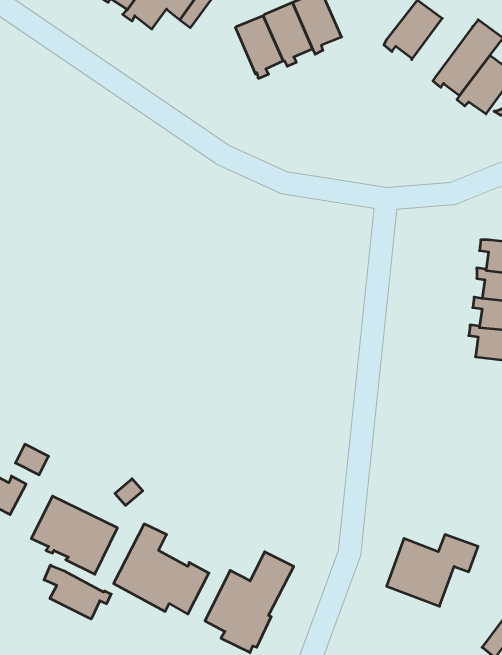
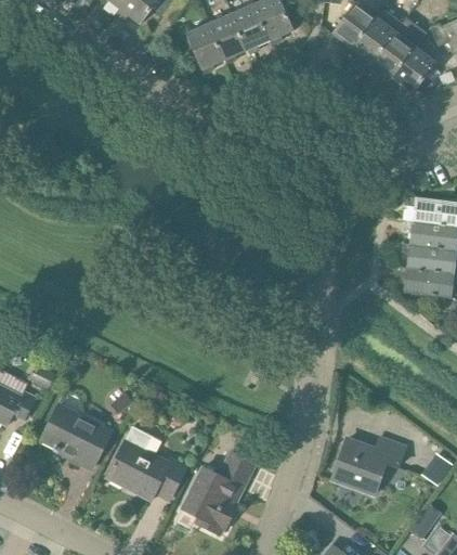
building: none -> [349,7,402,63]
building: none -> [185,23,224,74]
building: [44,565,111,619] -> none

